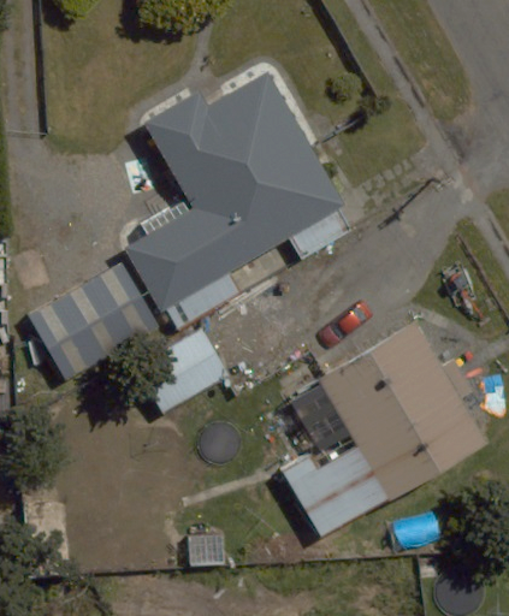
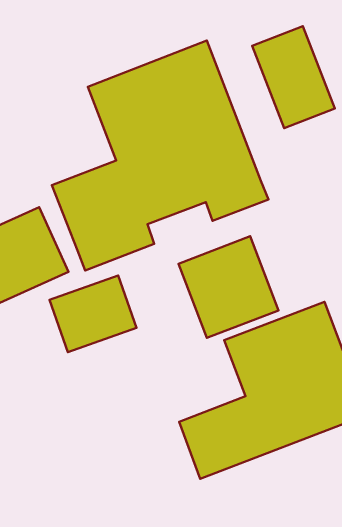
building: none -> [252,26,335,128]
building: none -> [179,236,279,338]

